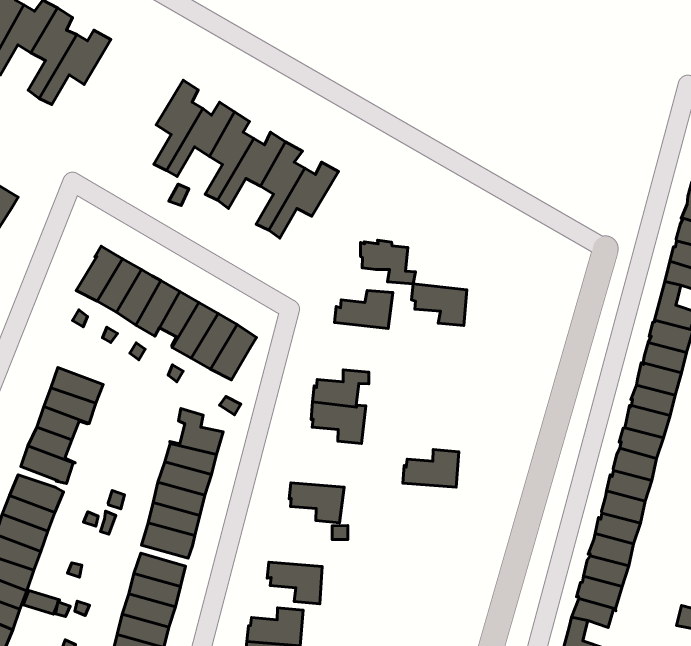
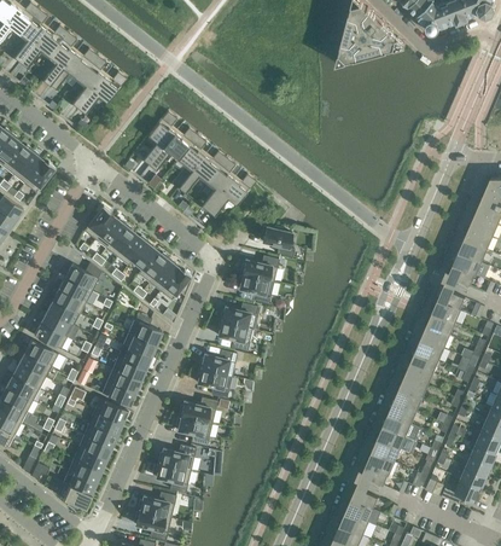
building: [411,284,467,326] -> [237,274,272,304]
building: none -> [64,263,100,292]
building: [403,450,459,487] -> [198,352,235,377]
building: none -> [177,399,216,424]

